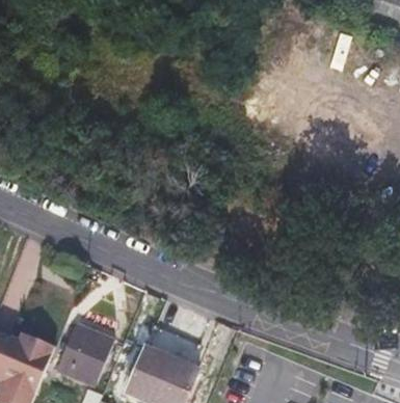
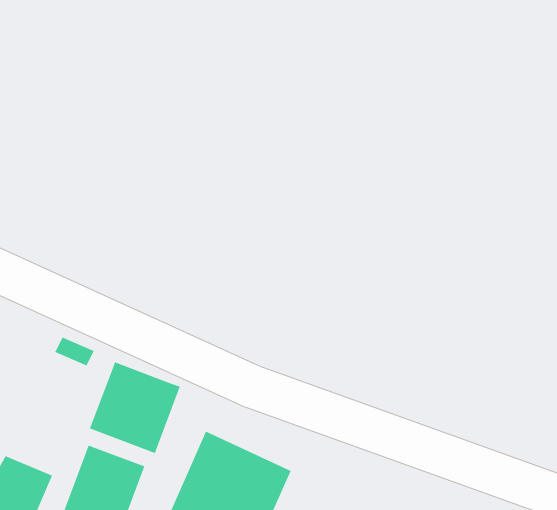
building: none -> [89,361,181,454]

